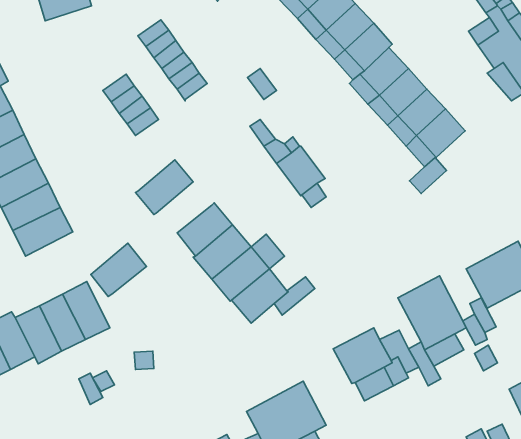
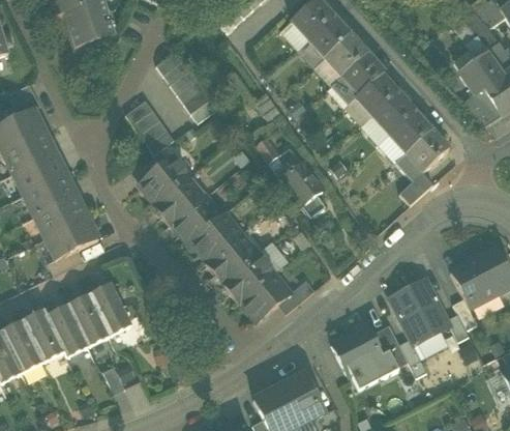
building: none -> [139,154,189,202]
building: [91,243,146,296] -> [173,194,222,241]

